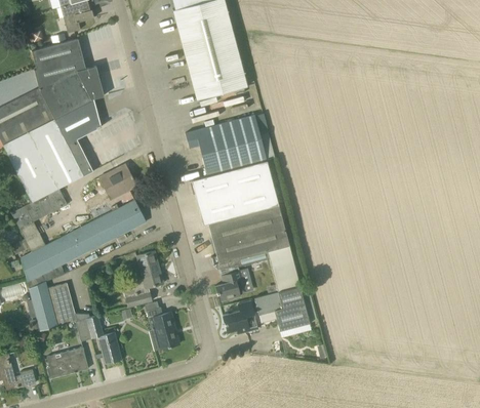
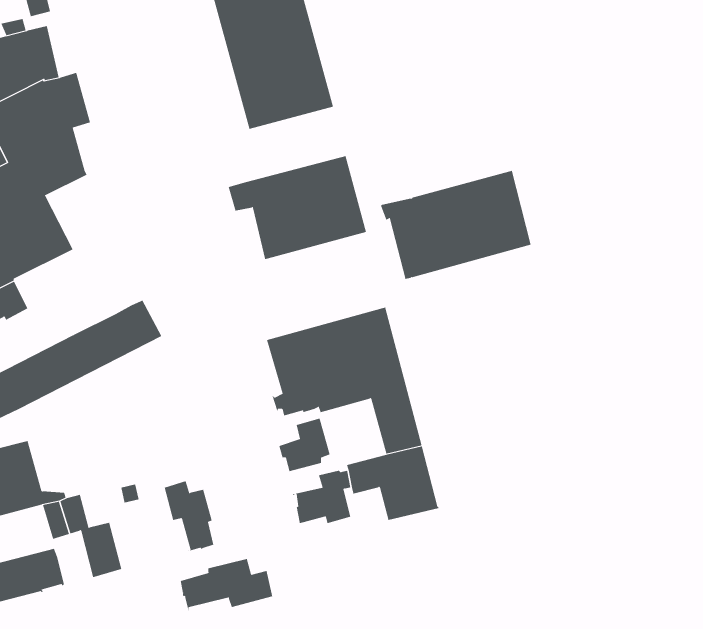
building: [189,160,278,225] -> [381,170,532,280]
building: [88,167,136,220] -> none
building: [121,251,160,308] -> none
building: none -> [180,558,273,619]

